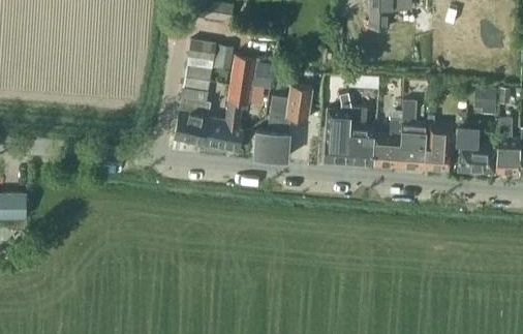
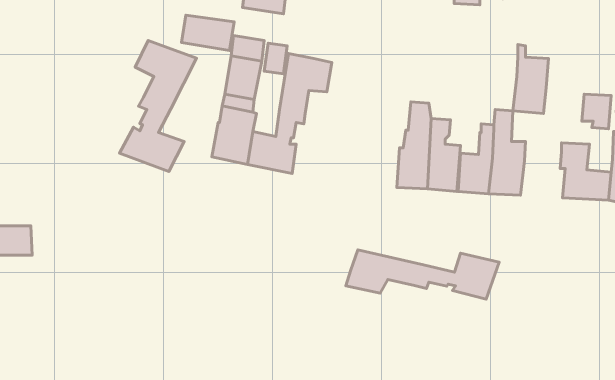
building: none -> [182,15,234,51]
building: none -> [119,41,196,171]
building: [254,84,312,159] -> none
building: [424,115,453,171] -> [513,44,549,113]
building: none -> [346,250,499,299]

